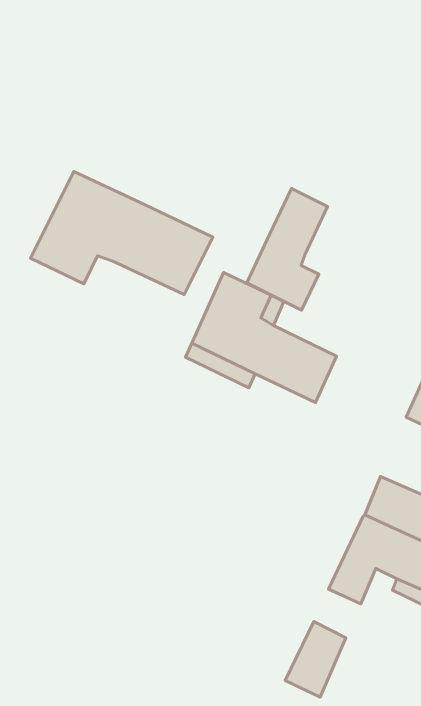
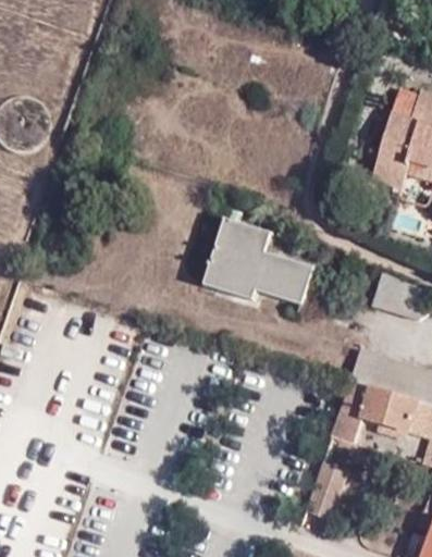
building: [30,172,213,294] -> none
building: [247,189,328,310] -> none

